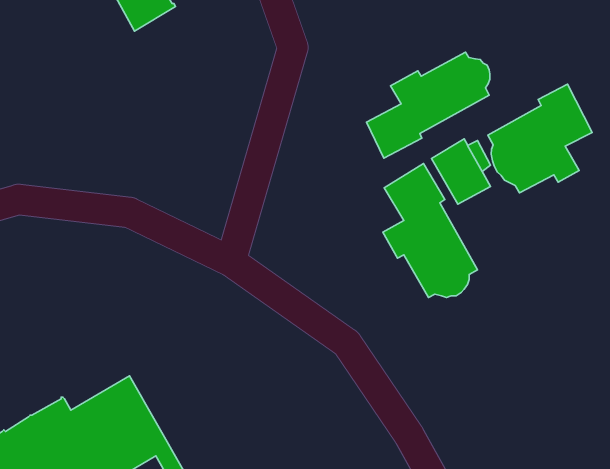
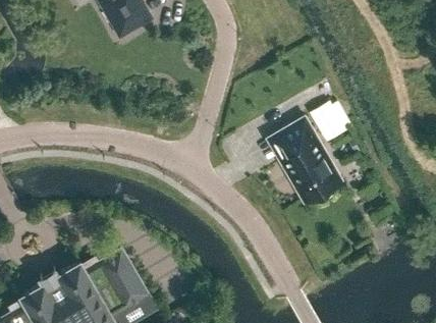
building: [366,52,490,158] -> none
building: [488,84,592,193] -> none

